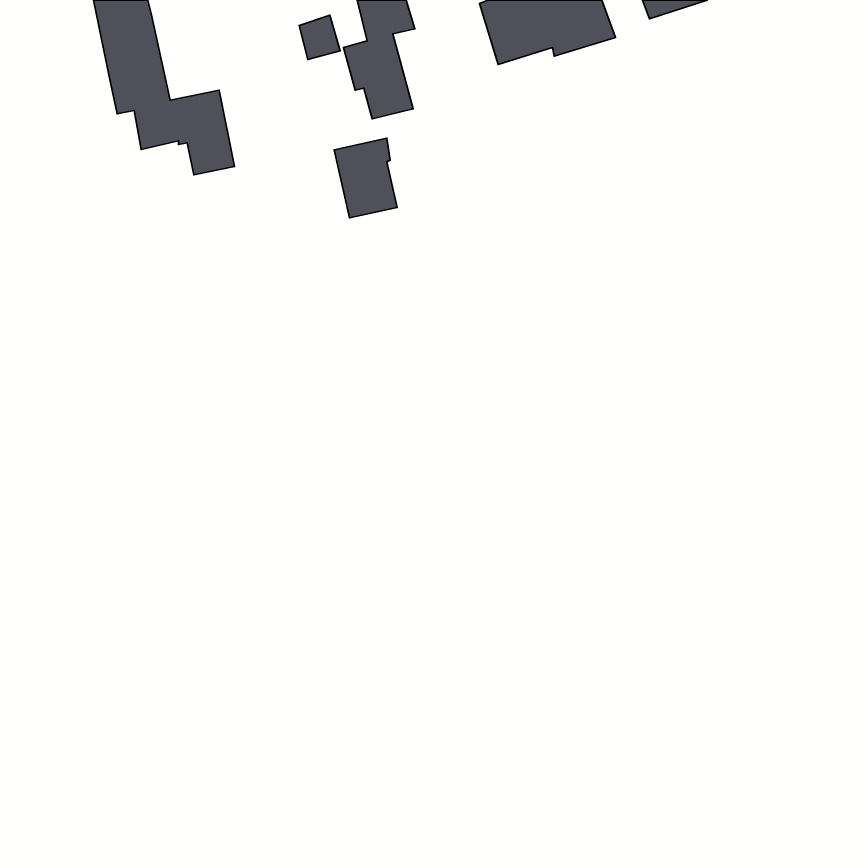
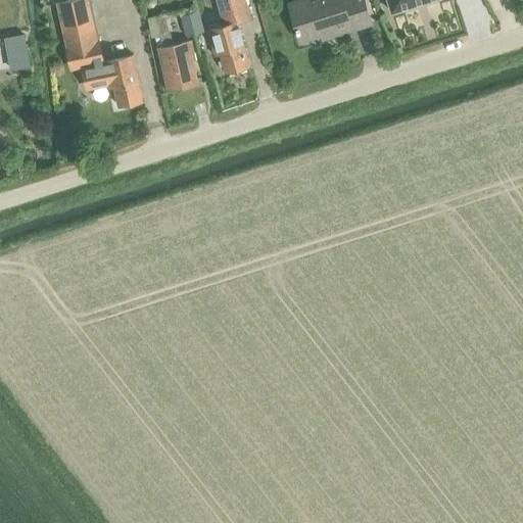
building: none -> [5,34,28,69]
building: [334,138,397,218] -> [158,40,196,88]

